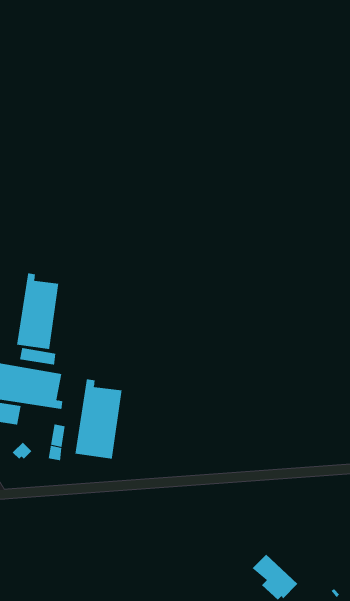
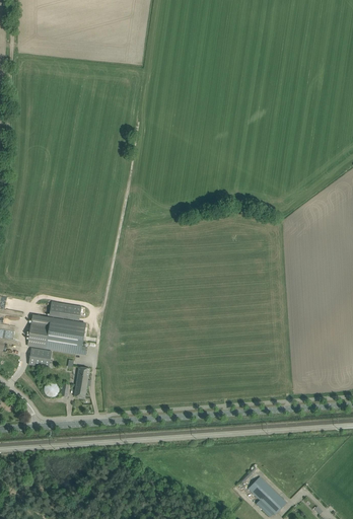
building: [17,272,59,350] -> none
building: [75,378,122,459] -> none

